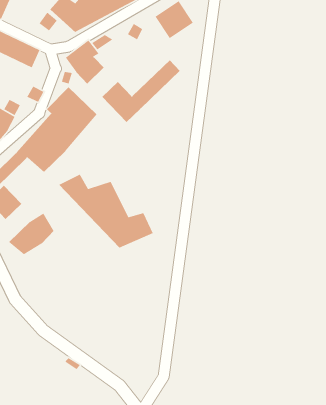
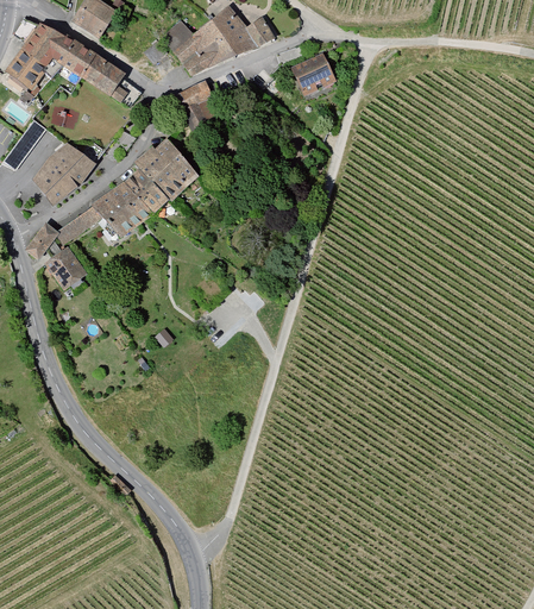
building: [102,59,180,123] -> none
building: [58,173,154,249] -> none
building: [8,212,54,255] -> none

